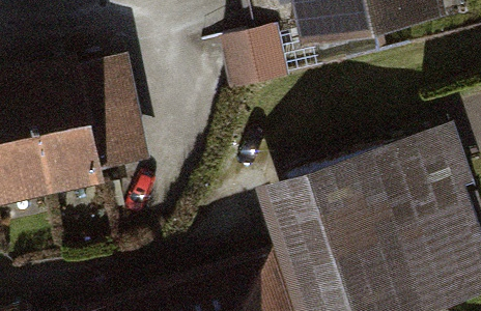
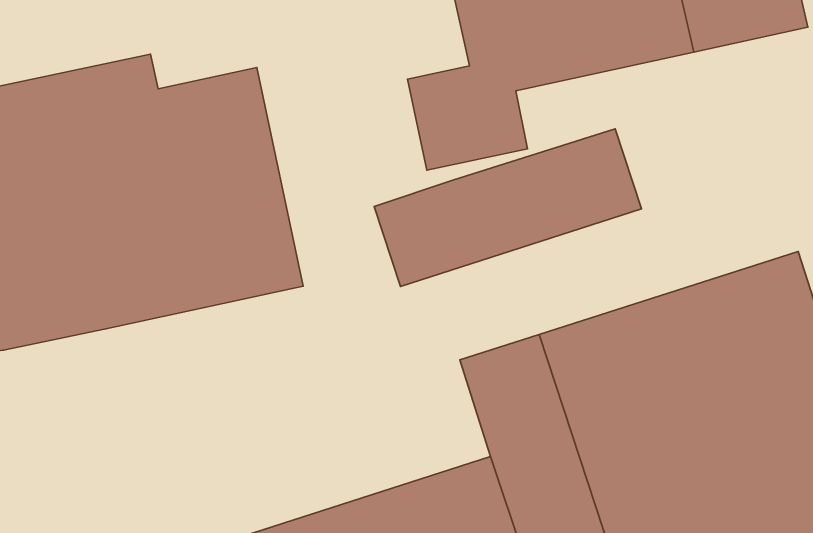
building: none -> [374,129,642,287]

